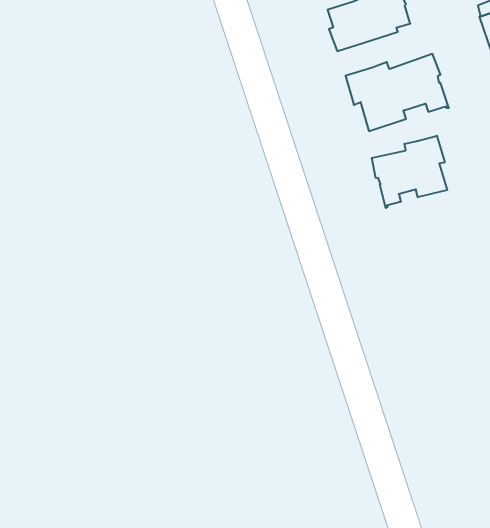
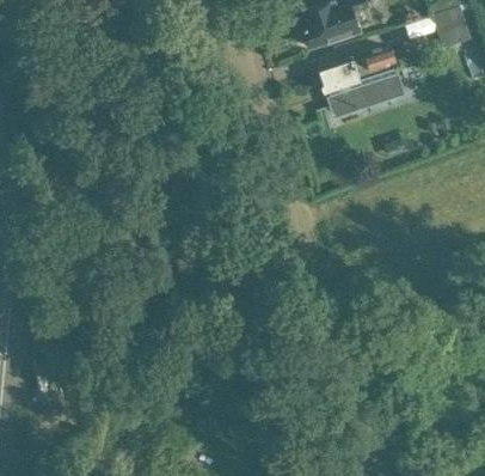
building: [372,136,447,208] -> none

